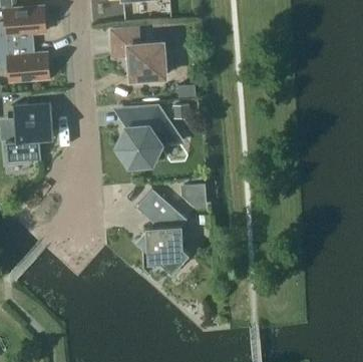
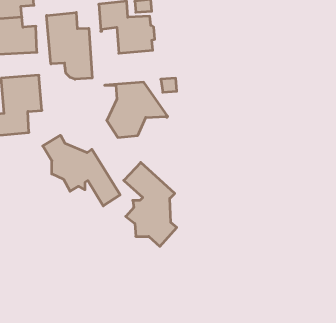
building: none -> [47,12,92,79]
building: none -> [43,135,120,206]
building: [180,184,207,209] -> none

